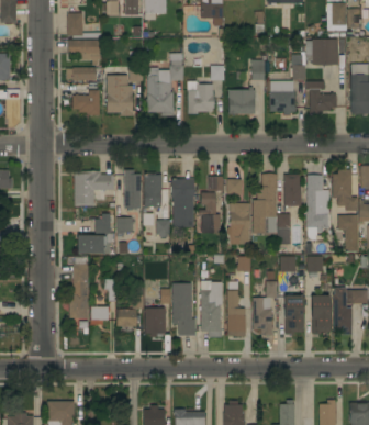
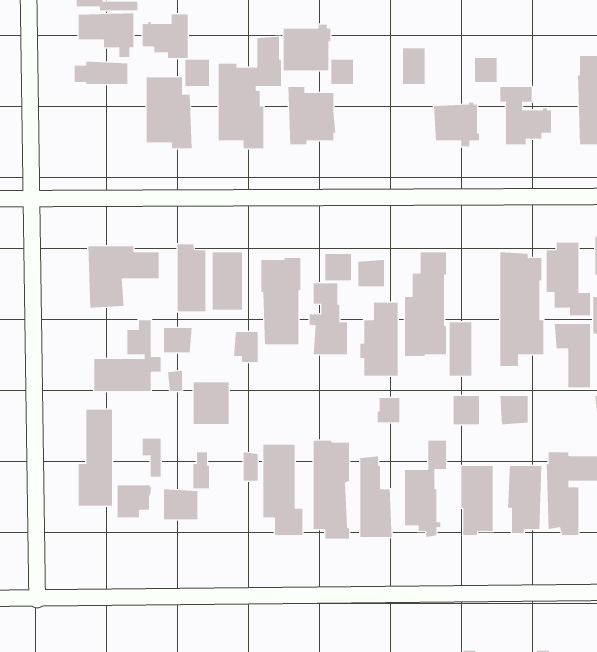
building: [305,38,338,65] -> none
building: [228,88,256,114] -> [283,24,331,71]
building: [72,90,99,115] -> [142,14,188,59]
building: [283,175,301,206] -> none
building: [145,307,166,332] -> [193,382,230,425]

